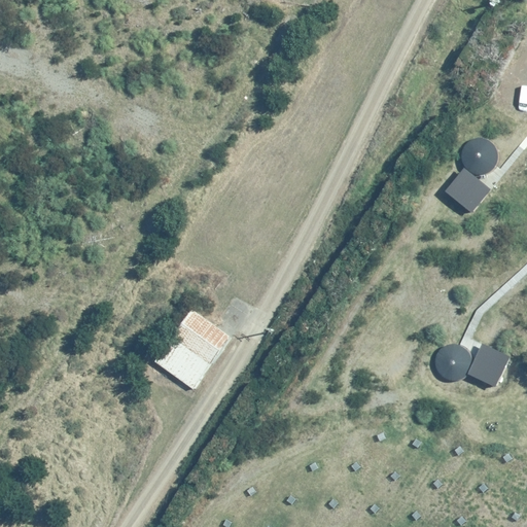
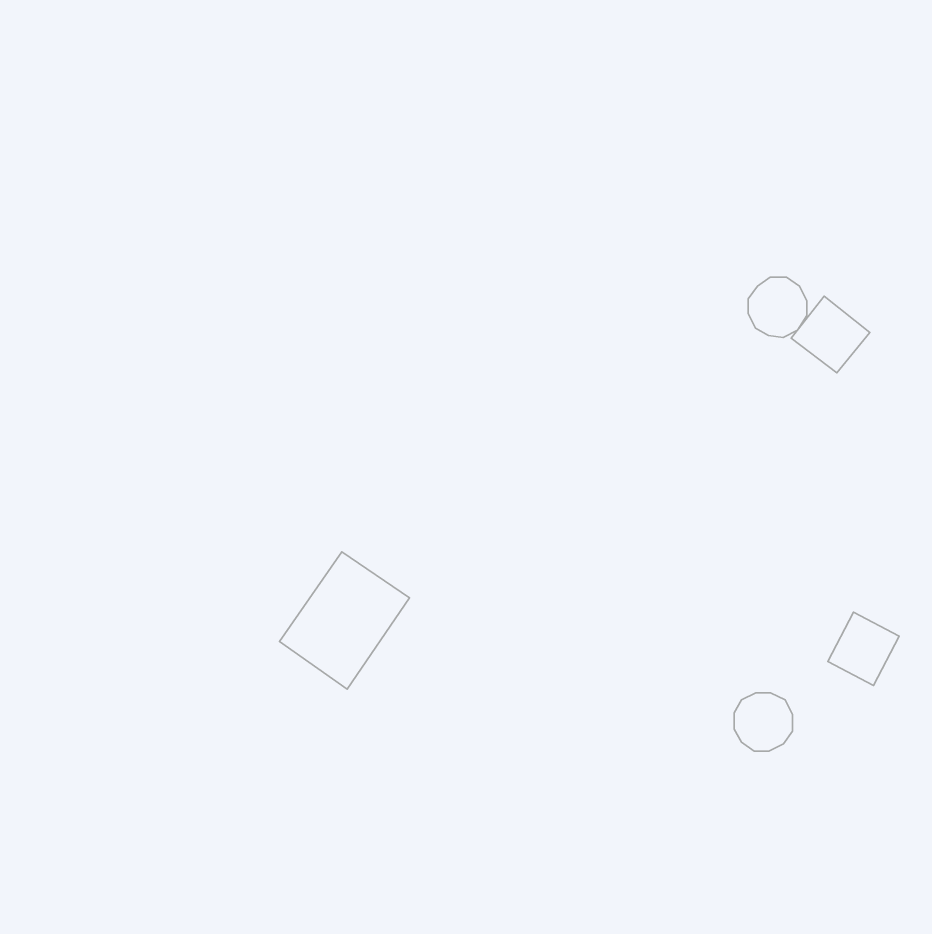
building: [462,139,495,173] -> [748,277,807,337]
building: [435,346,468,379] -> [734,693,793,751]

